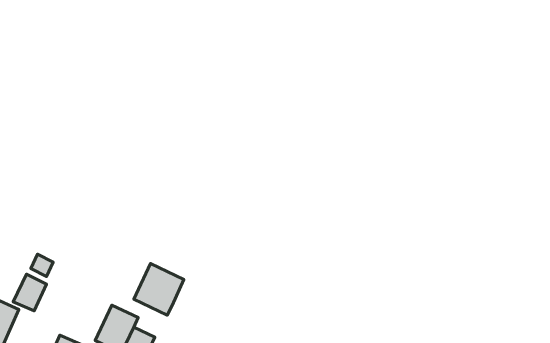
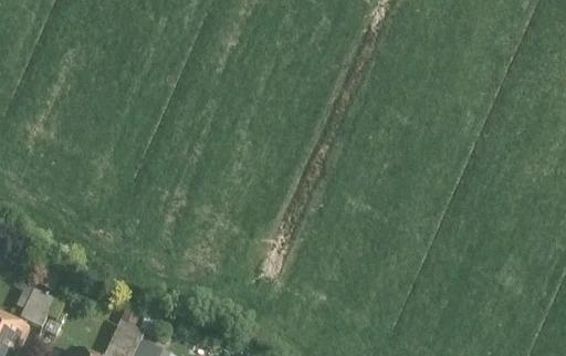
building: [134,263,184,315] -> none

